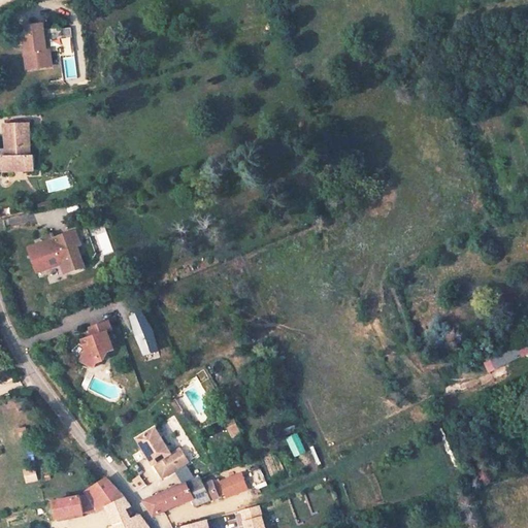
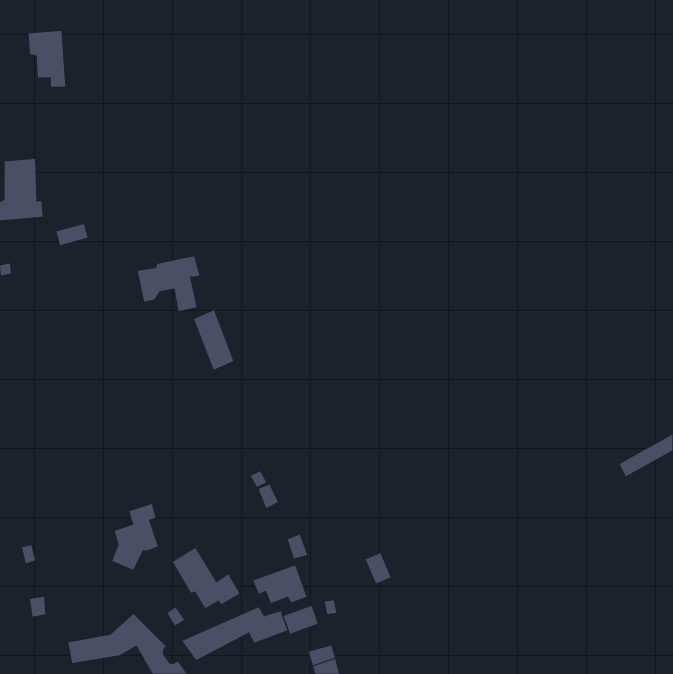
building: [29,234,78,277] -> [137,256,200,311]
building: [129,307,161,355] -> [193,310,234,370]
building: [74,322,111,374] -> [111,503,159,571]
building: none -> [252,565,307,604]

